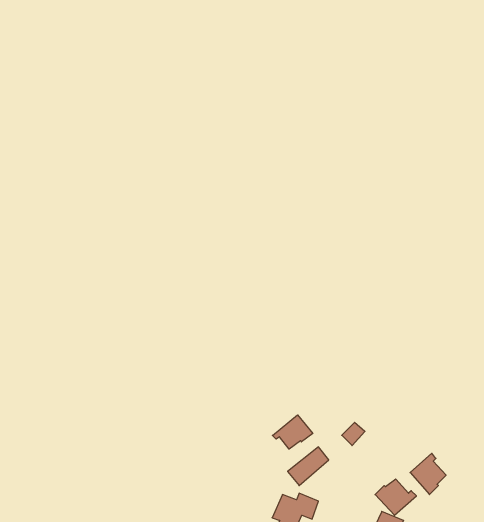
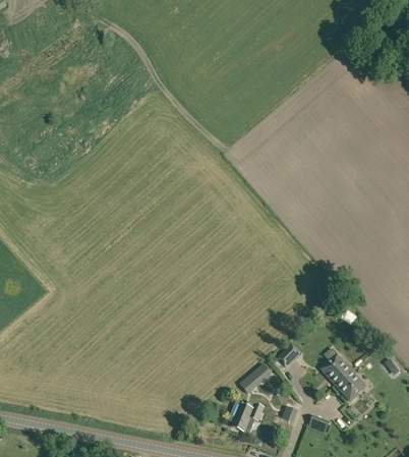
building: [272,415,313,449] -> none
building: [375,479,416,515] -> [320,355,353,384]

